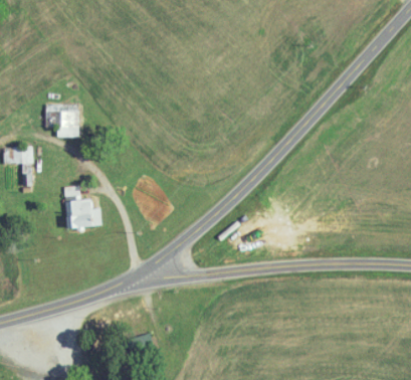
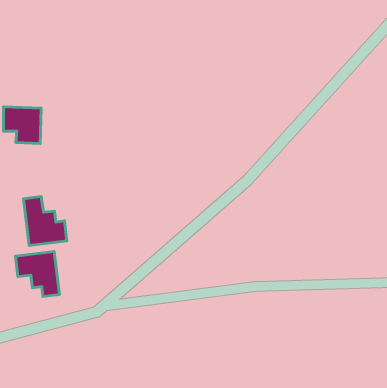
building: none -> [16,252,59,297]

